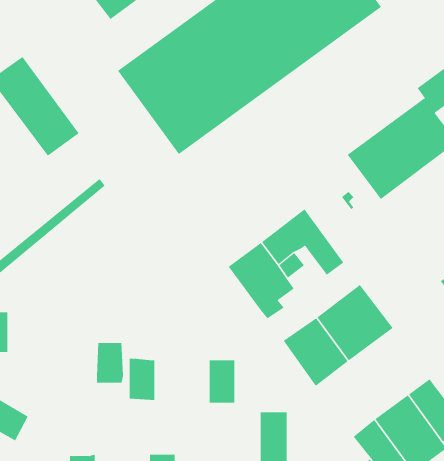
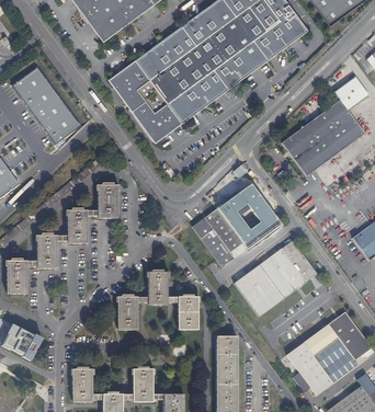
building: none -> [99,185,118,216]
building: none -> [68,210,88,241]
building: none -> [37,236,58,266]
building: [96,342,124,383] -> [148,272,169,302]

